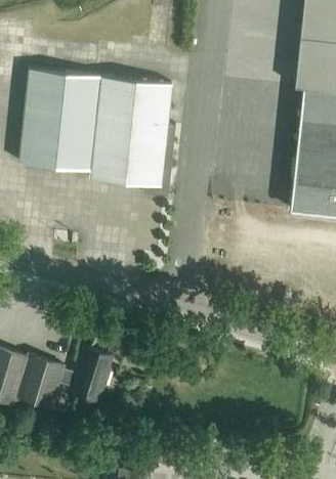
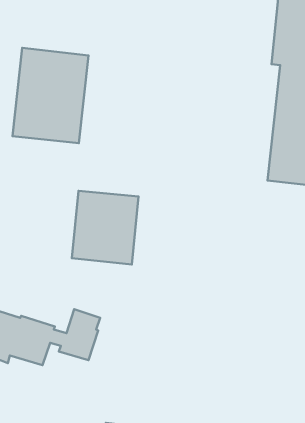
building: [89,77,176,197] -> none
building: none -> [72,191,138,264]

